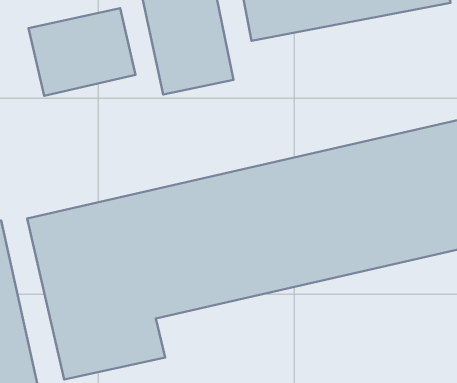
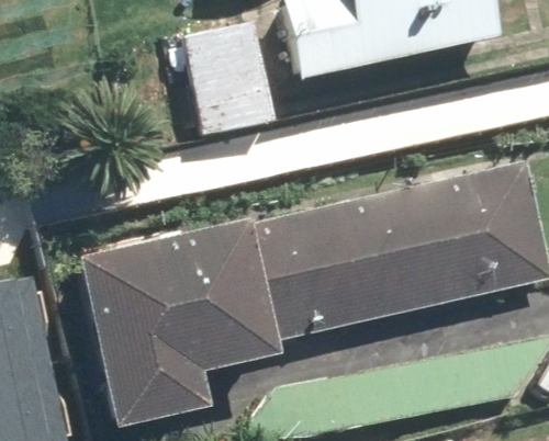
building: [29,8,135,96] -> none

